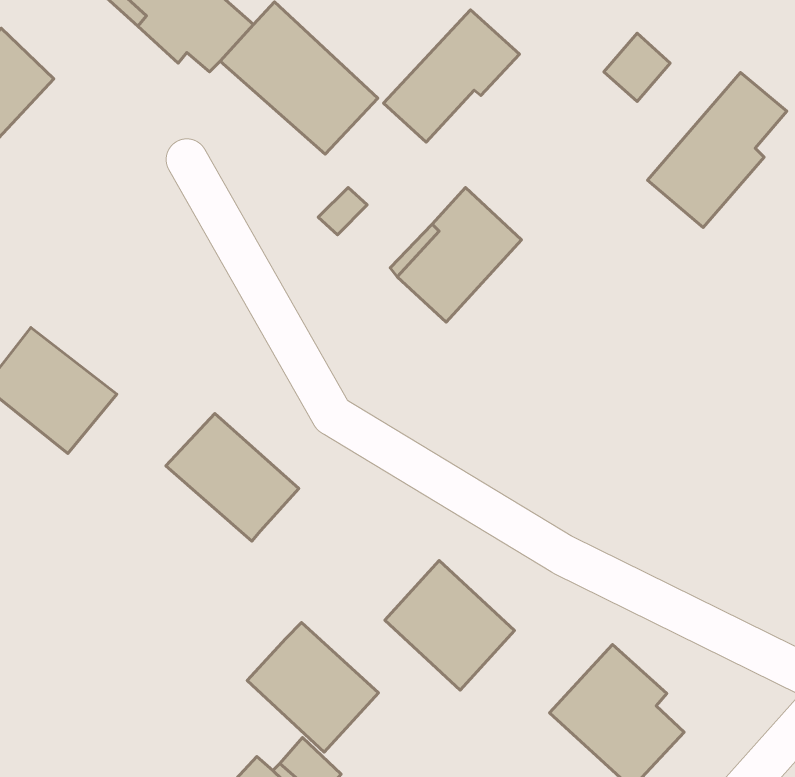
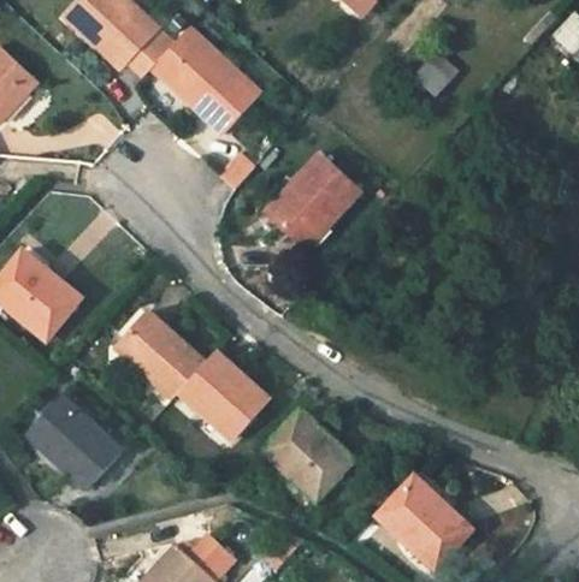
building: [384,10,520,142] -> none
building: [648,73,787,227] -> none
building: none -> [26,394,122,488]
building: [247,623,379,752] -> [179,351,270,440]

